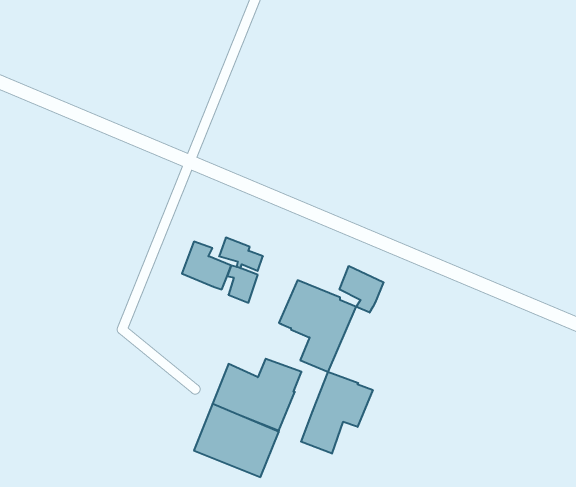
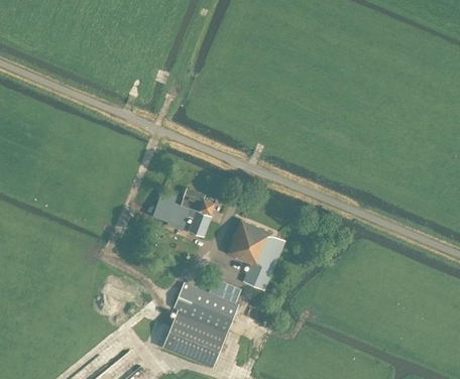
building: [340,266,384,313] -> none
building: [301,372,373,454] -> none

